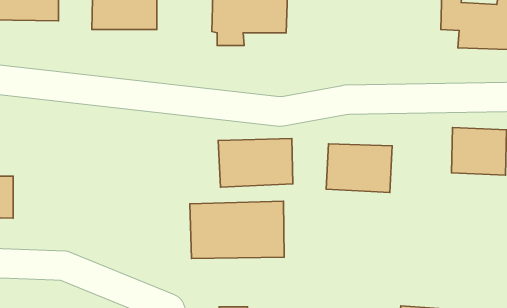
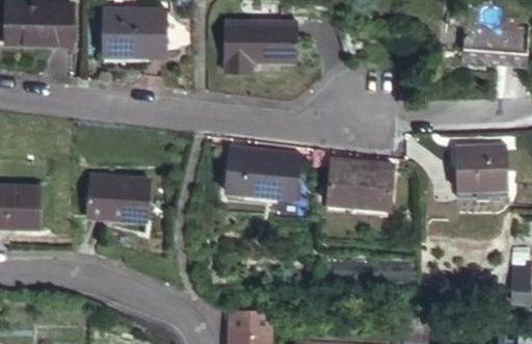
building: none -> [78,176,137,217]
building: [190,201,284,258] -> none

